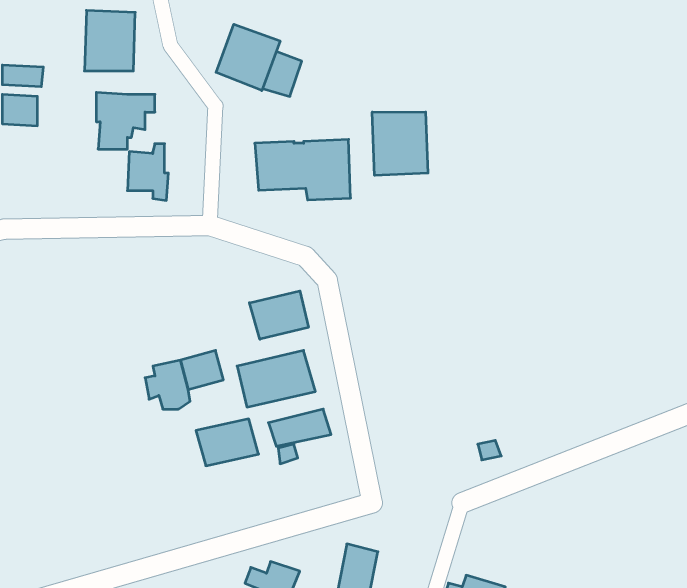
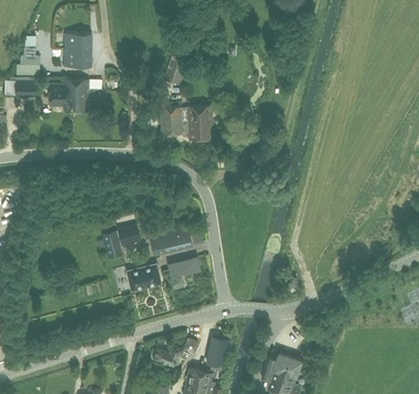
building: [216,24,280,91] -> none
building: [372,112,428,175] -> none
building: [127,144,168,200] -> [48,79,71,111]
building: [249,291,308,339] -> none

